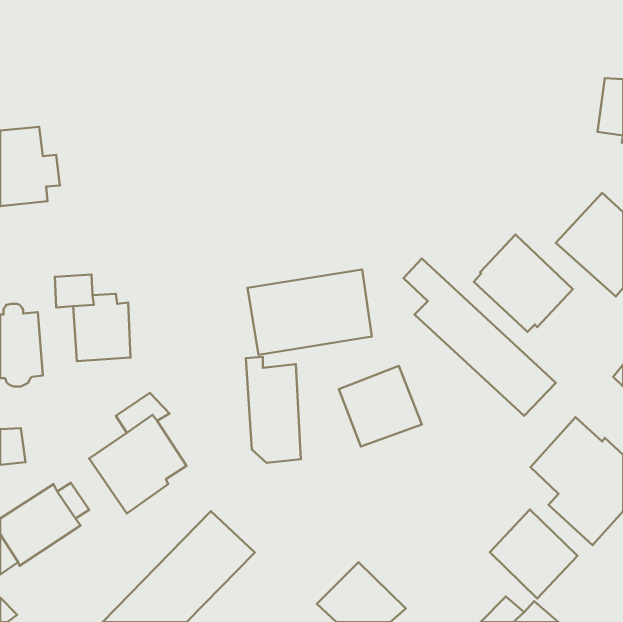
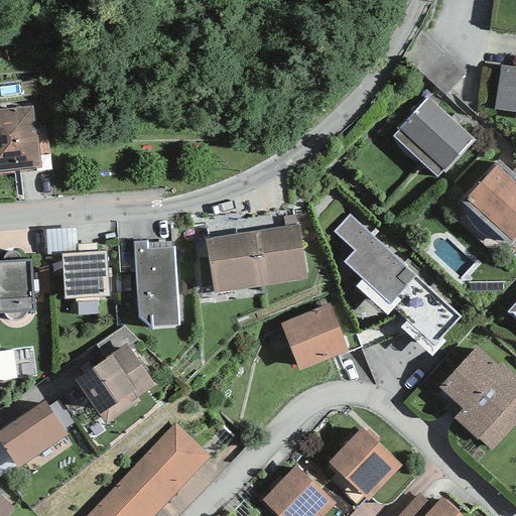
building: [474,234,573,332] -> [392,96,474,176]
building: [246,357,301,463] -> [133,240,178,328]
building: [490,510,578,599] -> [329,426,401,500]

